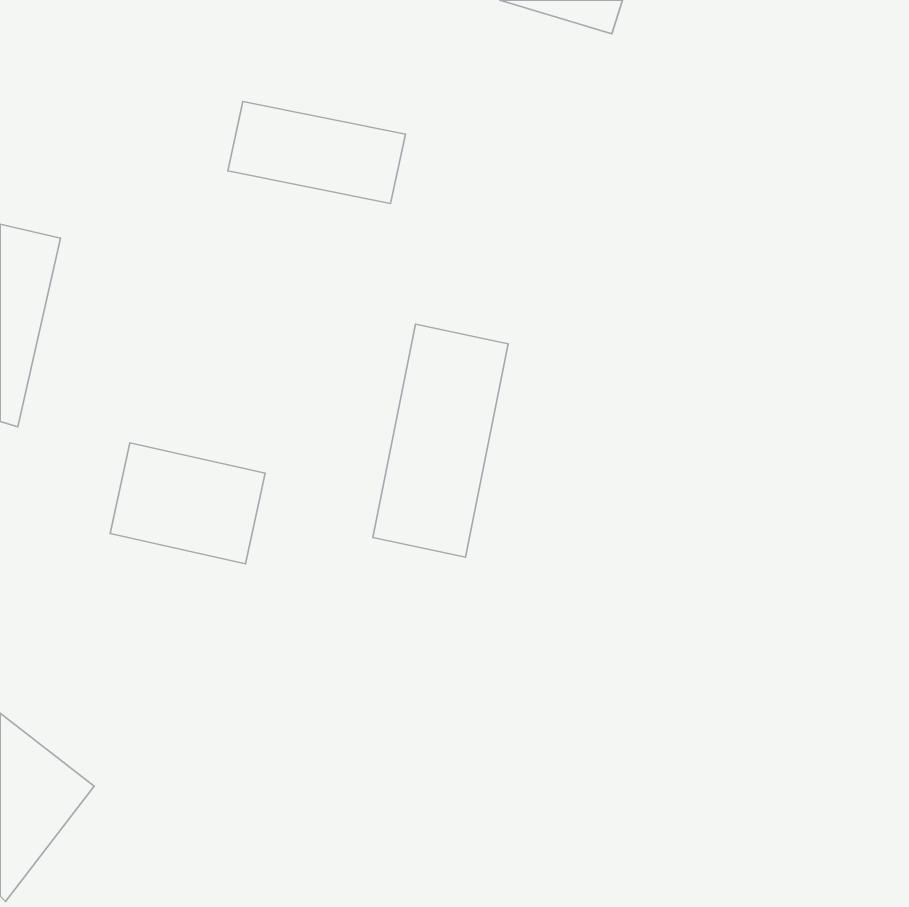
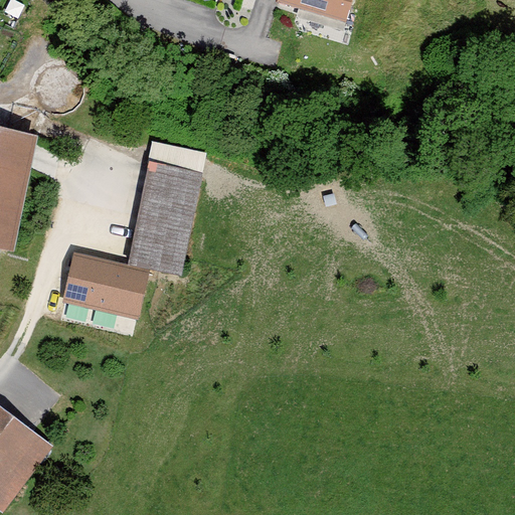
building: [228,102,405,203] -> none
building: [373,324,508,557] -> [129,142,205,274]

